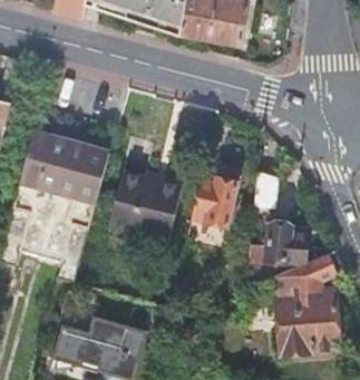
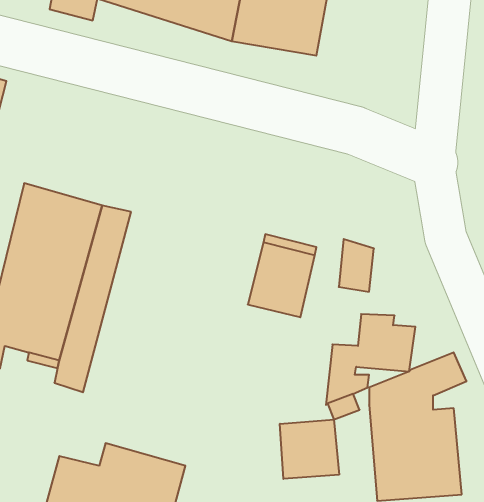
building: [109,173,182,241] -> none
building: none -> [280,419,339,479]

